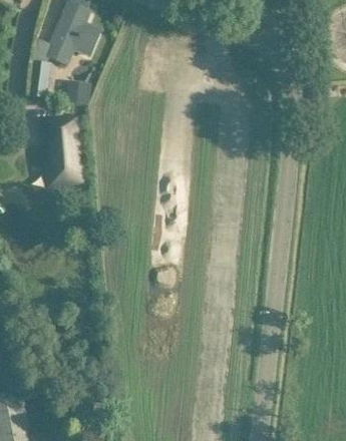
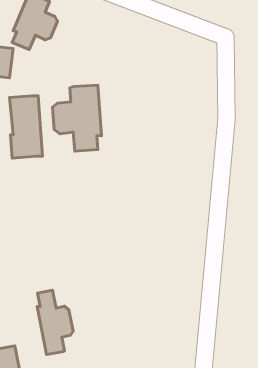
building: none -> [52,85,101,151]
building: none -> [37,290,73,355]

